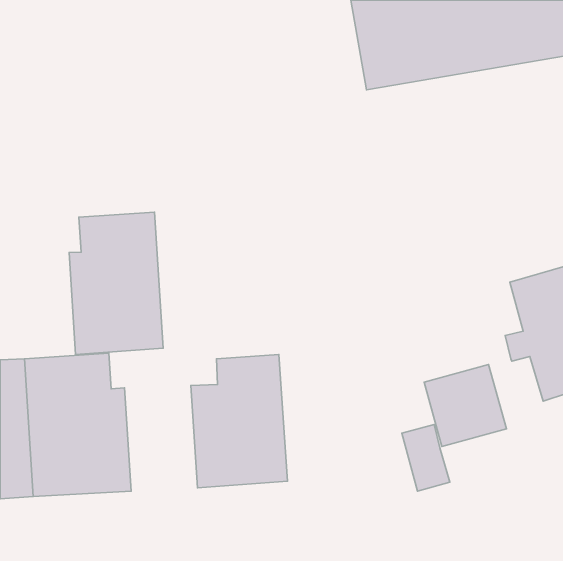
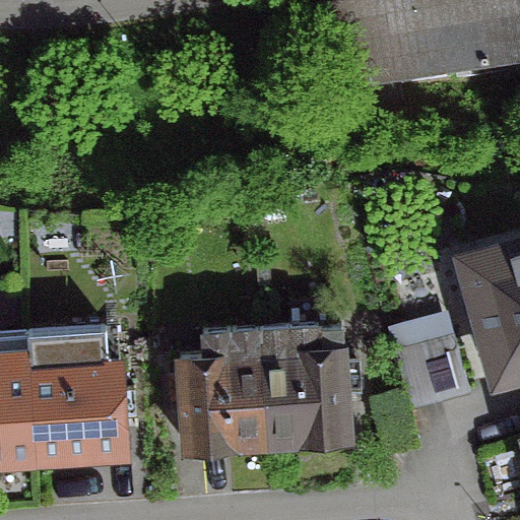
building: [69,212,163,355] -> none
building: none -> [259,326,348,446]

